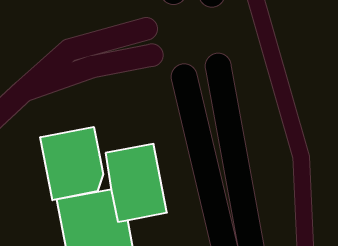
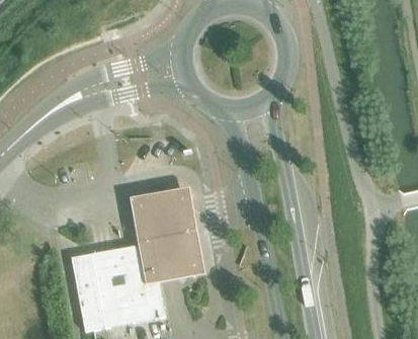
building: [40,127,103,200] -> none

